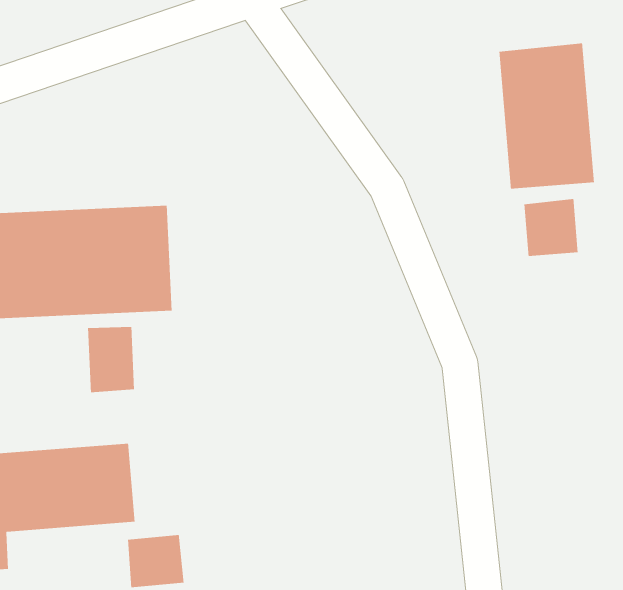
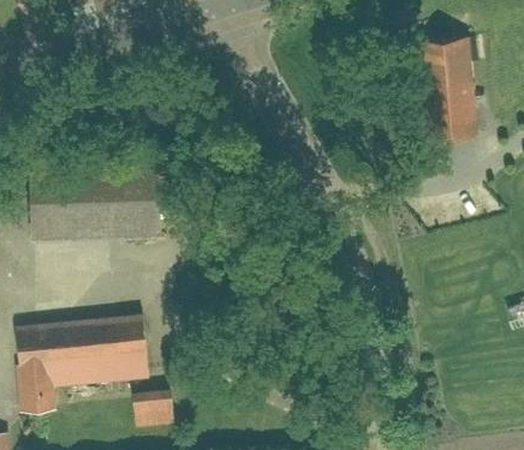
building: [523,198,579,257] -> none
building: [87,326,135,393] -> none

